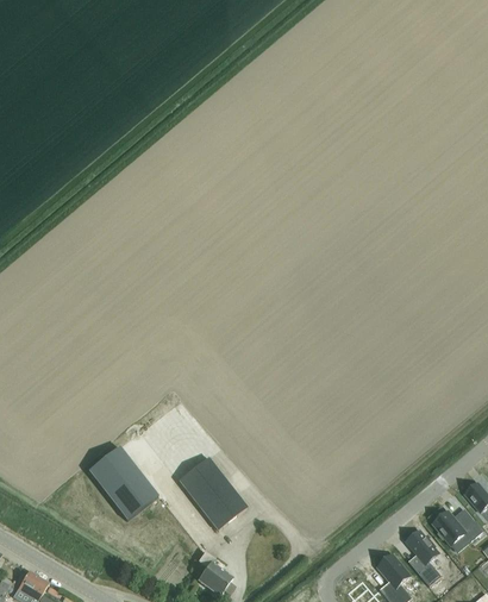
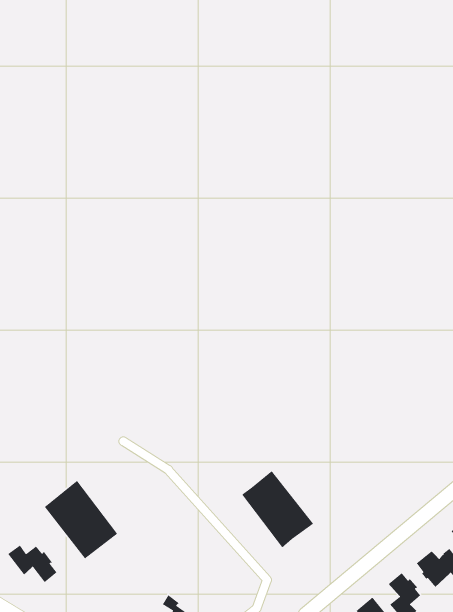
building: [179,458,246,531] -> [241,470,314,548]
building: none -> [7,544,58,583]

